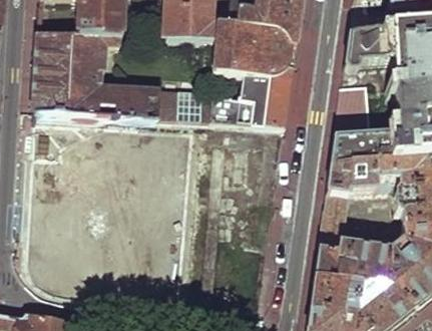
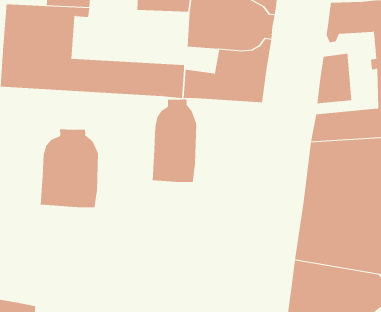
building: none -> [152,99,197,183]
building: none -> [40,128,99,208]

